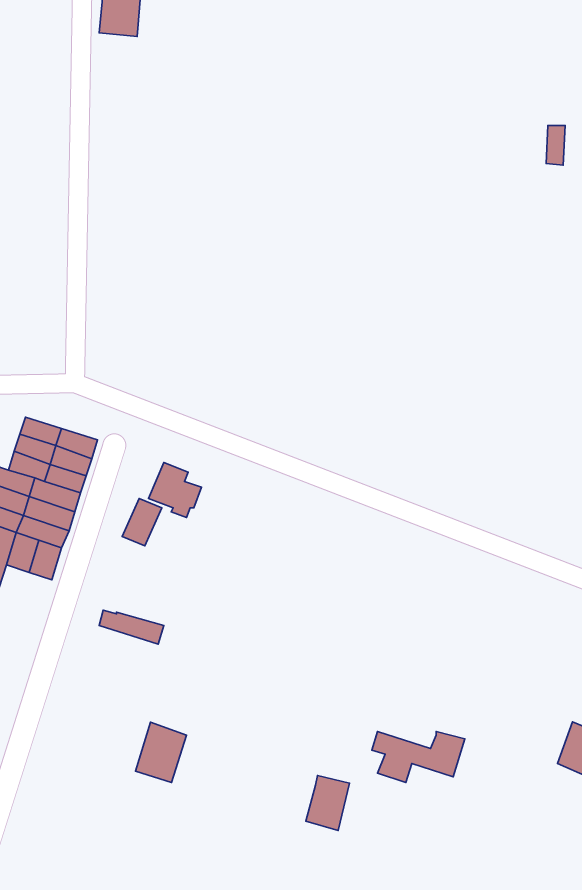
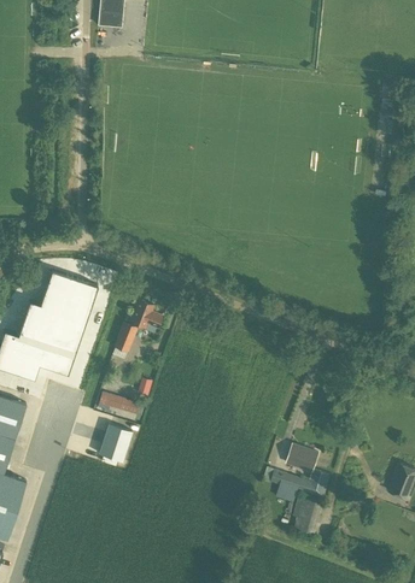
building: none -> [286,443,320,473]
building: [135,722,186,783] -> [99,424,131,463]
building: [306,776,350,831] -> [294,500,322,535]

